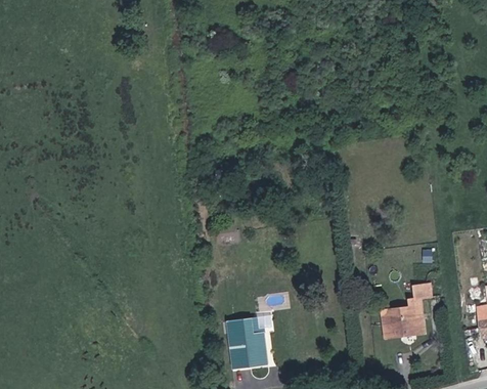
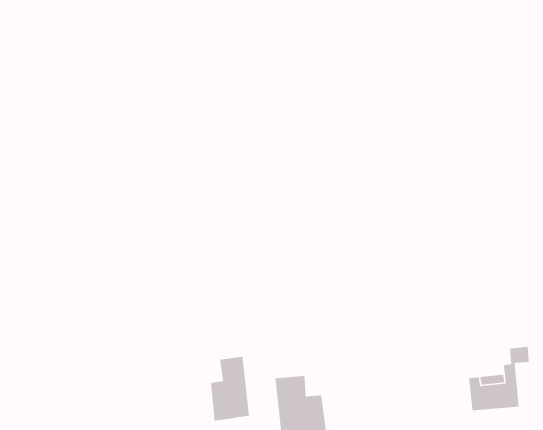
building: none -> [210,356,250,422]

